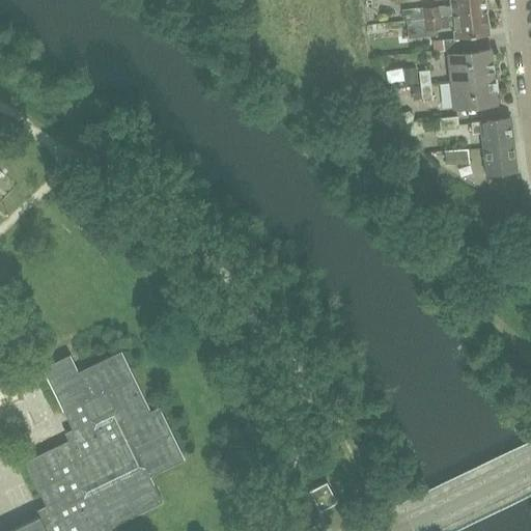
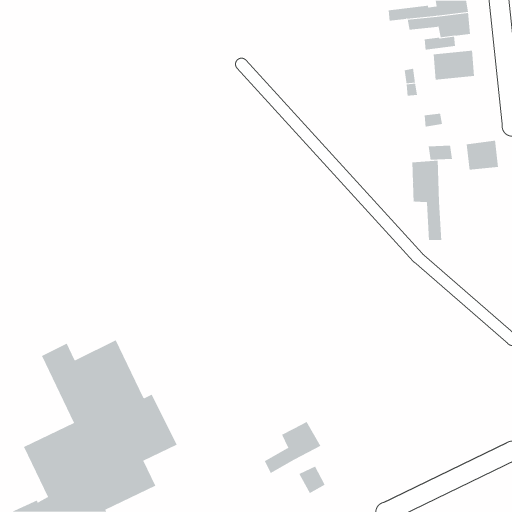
building: [450,79,495,110] -> none
building: [471,119,513,149] -> none
building: none -> [412,160,442,241]
building: none -> [264,421,321,474]

